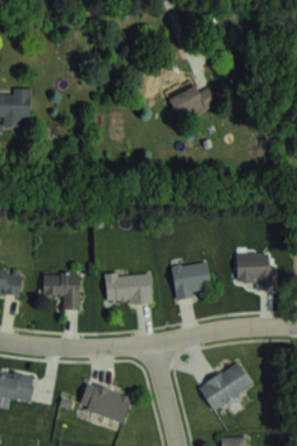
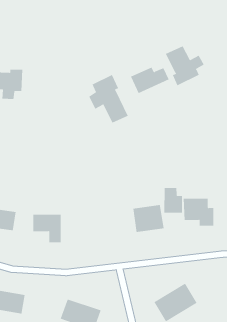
building: none -> [165,45,204,86]
building: none -> [88,74,129,123]
building: none -> [164,187,183,213]
building: [104,274,152,304] -> none

